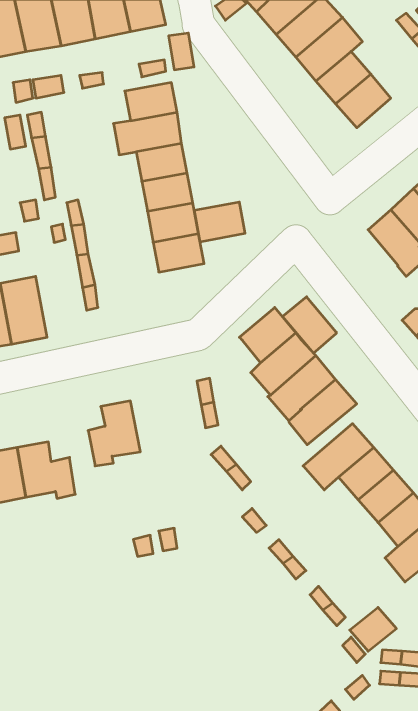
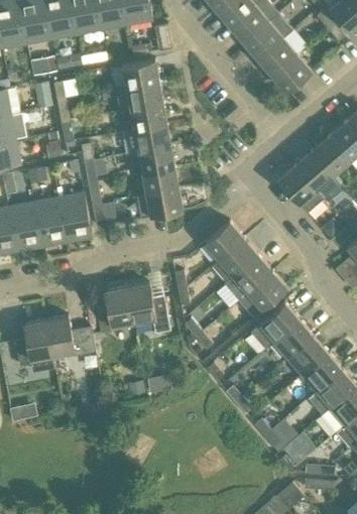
building: [194,202,245,242] -> [146,189,183,218]
building: none -> [58,195,92,242]
building: [283,297,336,353] -> [278,165,317,206]
building: none -> [126,283,169,334]

